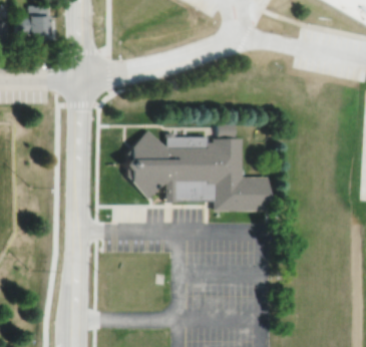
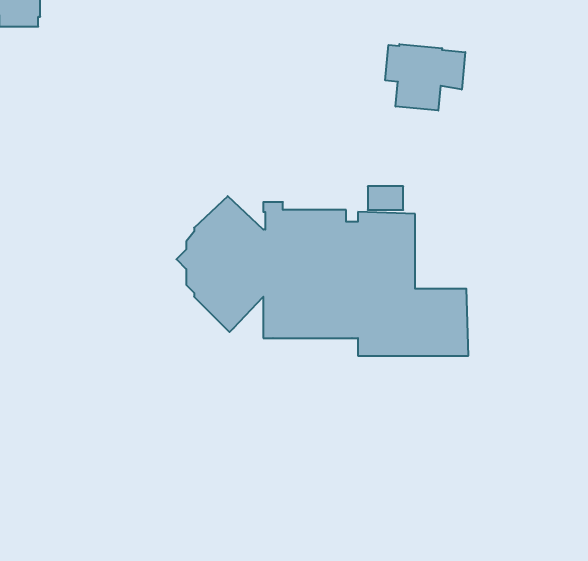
building: none -> [385,44,465,111]

